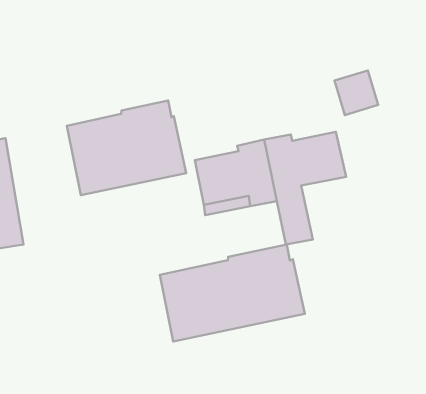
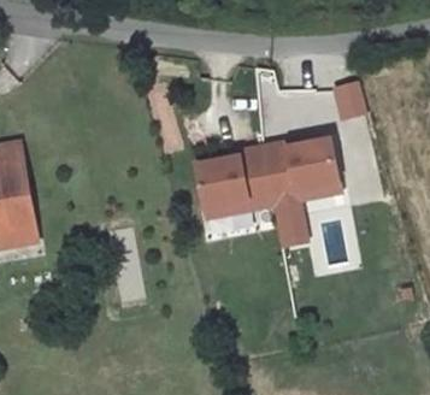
building: [67,100,186,195] -> none
building: [160,244,305,341] -> none

